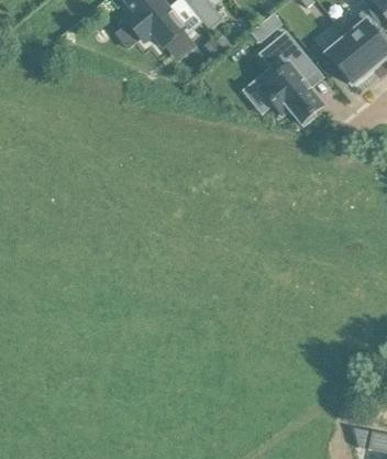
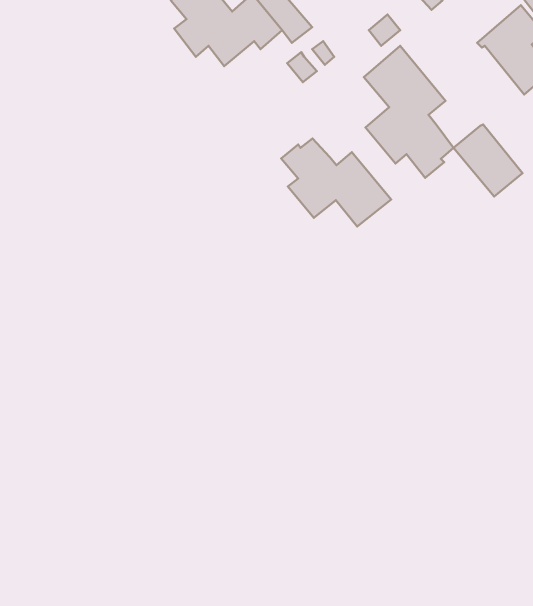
building: [322,33,371,84] -> [453,124,523,197]
building: none -> [281,138,391,226]

